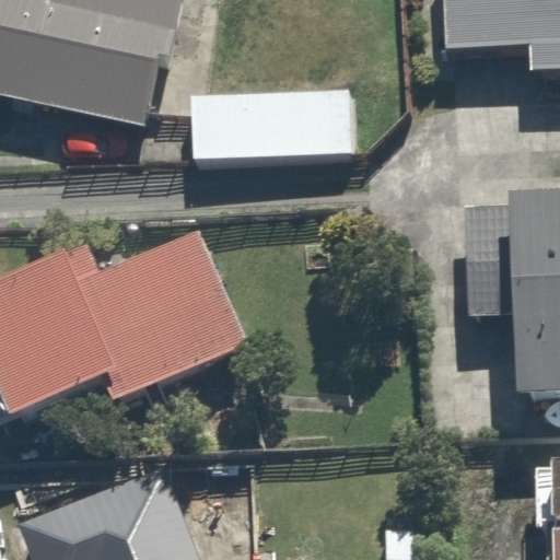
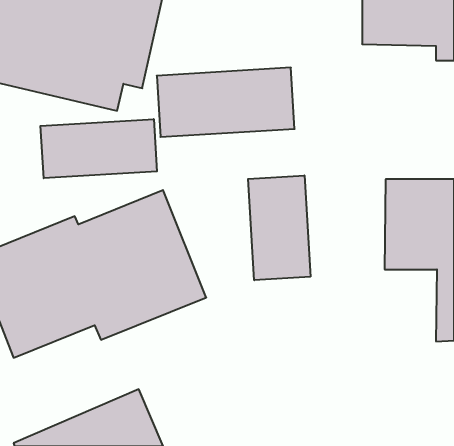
building: none -> [40,119,157,178]
building: none -> [248,175,310,280]

